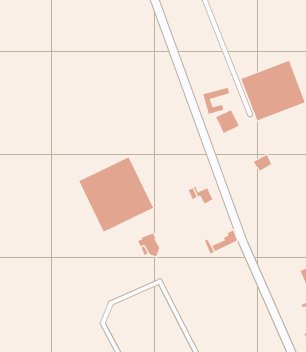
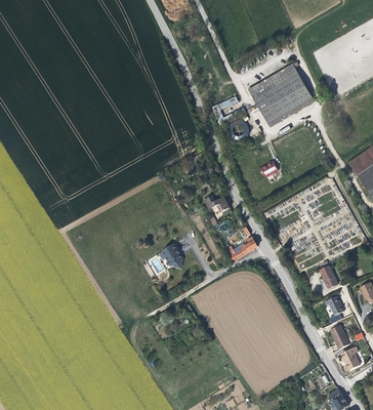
building: [79,157,154,232] -> none

